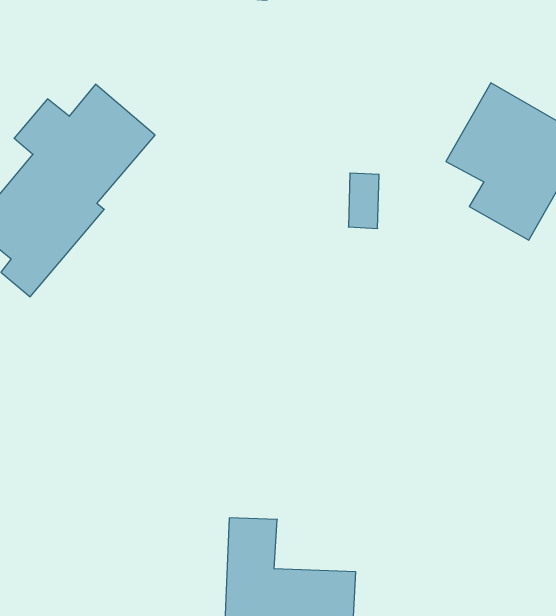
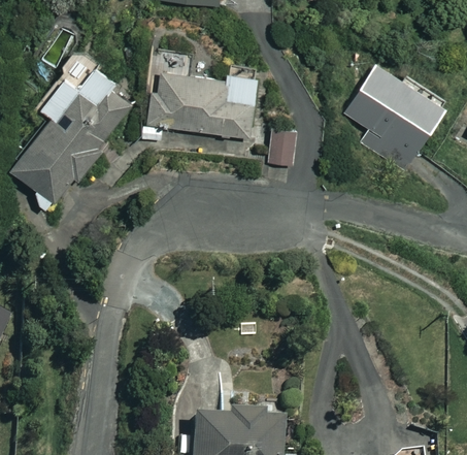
building: none -> [145,70,259,144]

